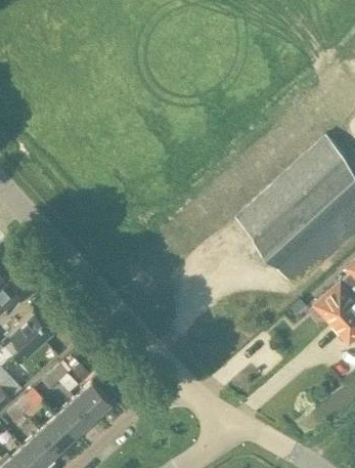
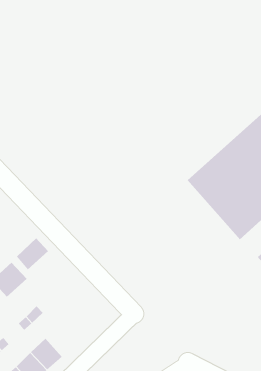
building: none -> [16,238,49,270]
building: [73,383,110,421] -> none

